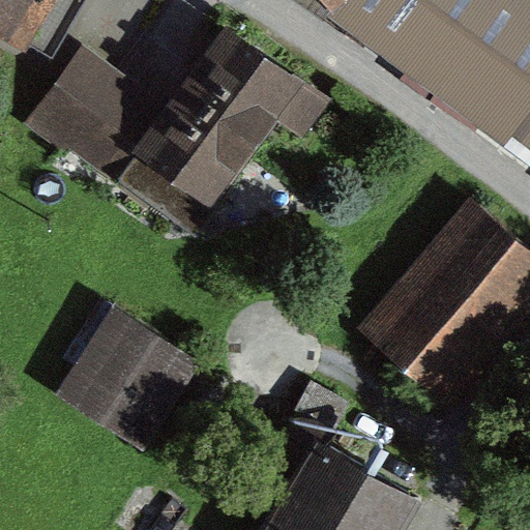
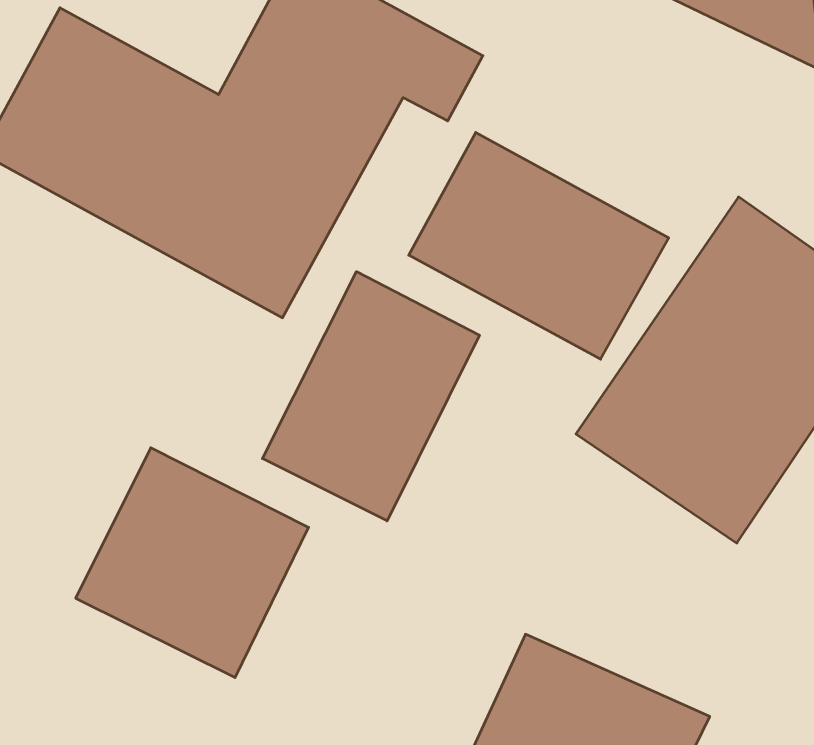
building: none -> [409,132,669,359]
building: none -> [262,272,479,521]

